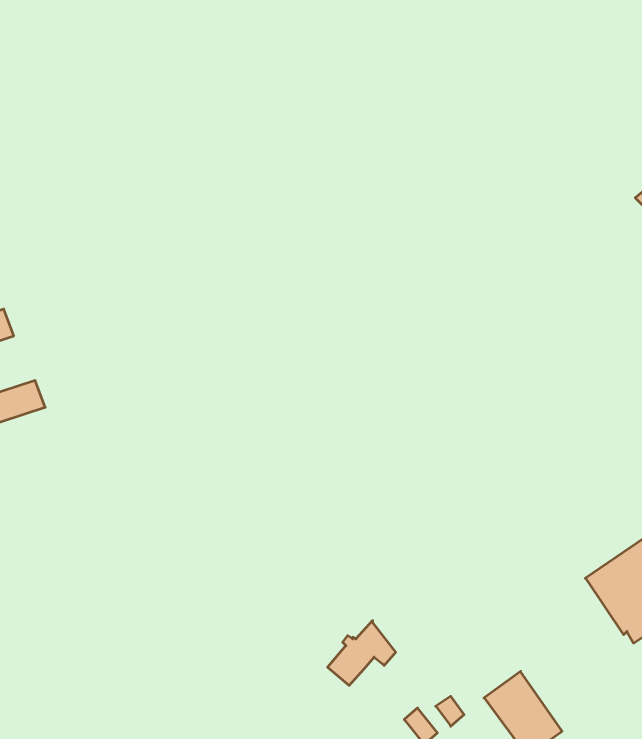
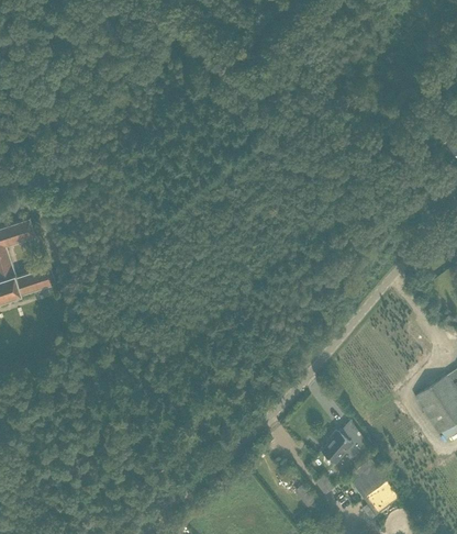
building: [328,621,396,685] -> [321,422,366,465]

